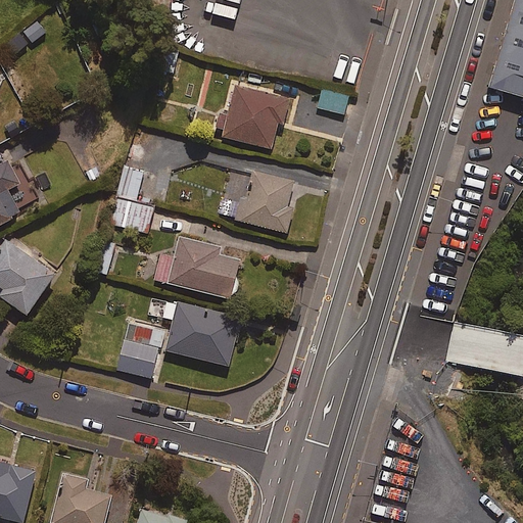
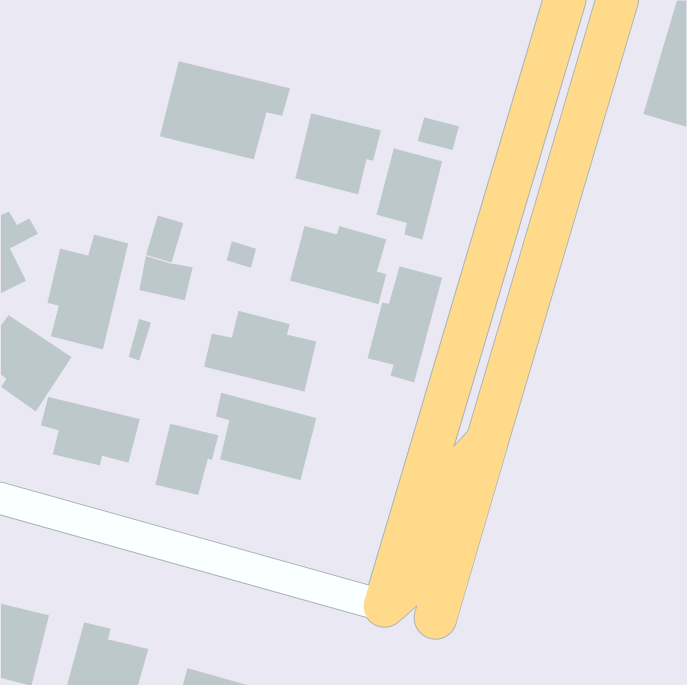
building: none -> [159,60,291,160]
building: none -> [376,148,443,240]
building: none -> [47,234,129,350]
building: none -> [367,265,443,383]
building: none -> [40,396,140,466]

